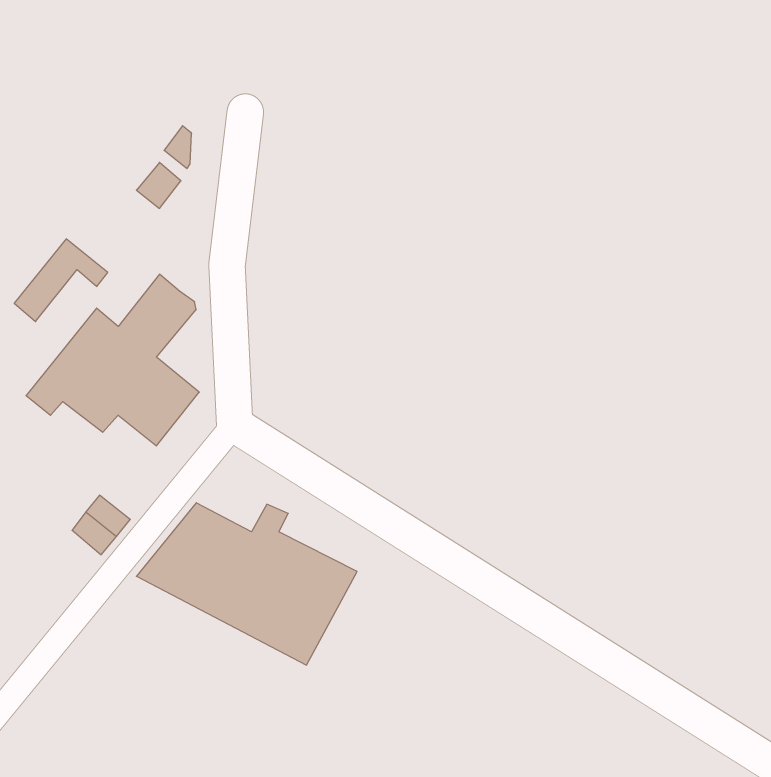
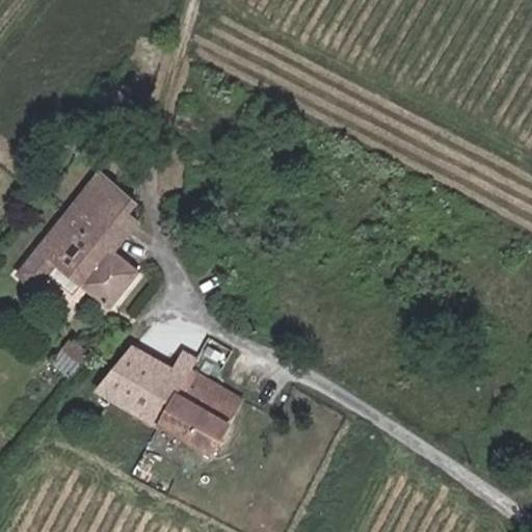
building: [14,239,108,322] -> [65,169,129,225]

